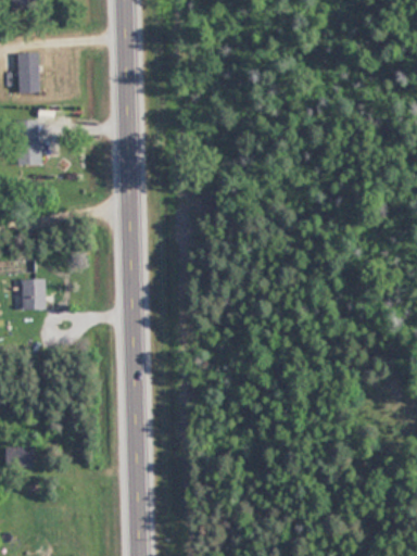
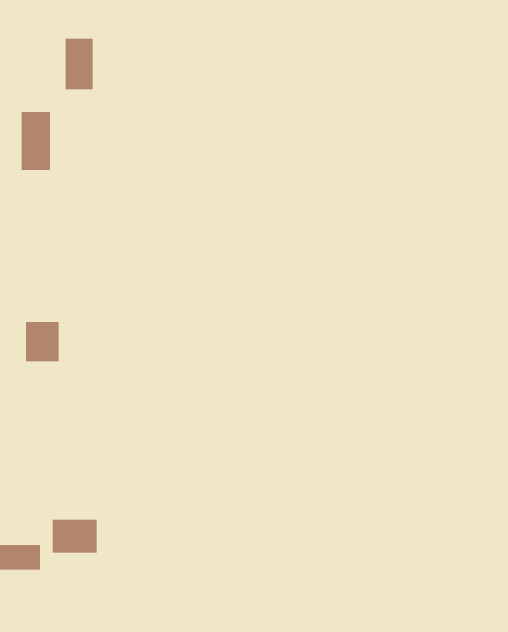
building: [17,53,39,92] -> [65,38,94,90]
building: none -> [52,519,97,554]

